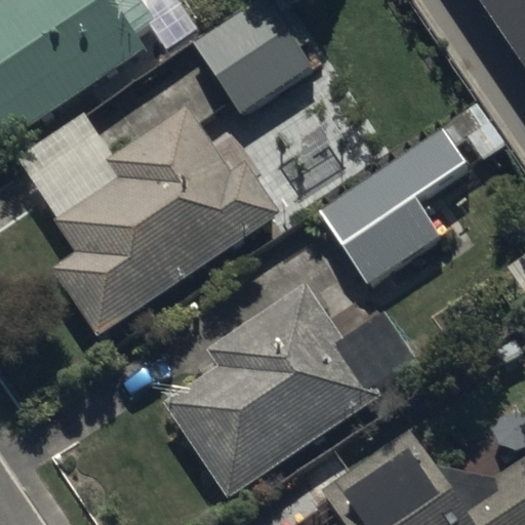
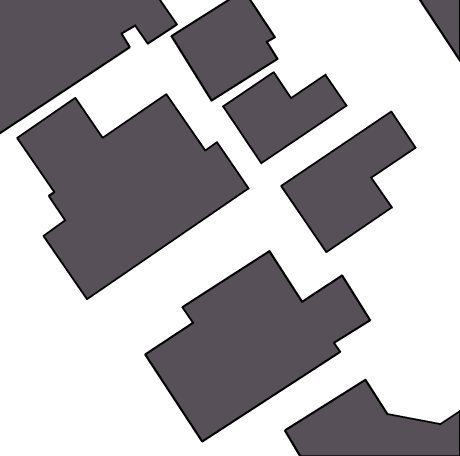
building: none -> [223,72,347,163]

